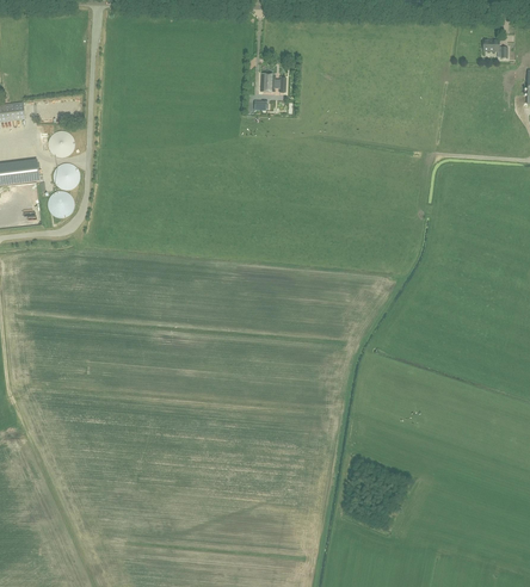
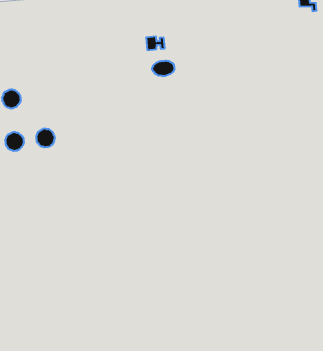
building: none -> [152,61,174,76]
building: [54,162,80,189] -> [36,129,55,147]

